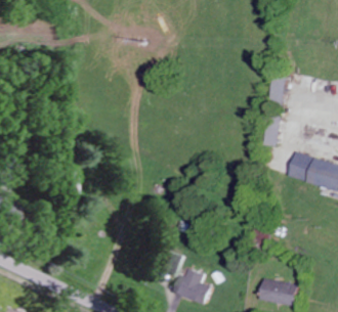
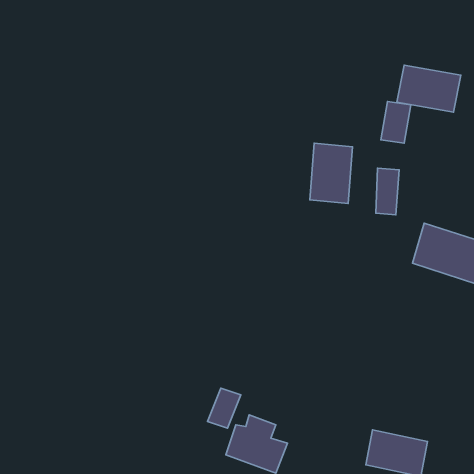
building: none -> [397,65,461,112]
building: none -> [310,143,352,204]

